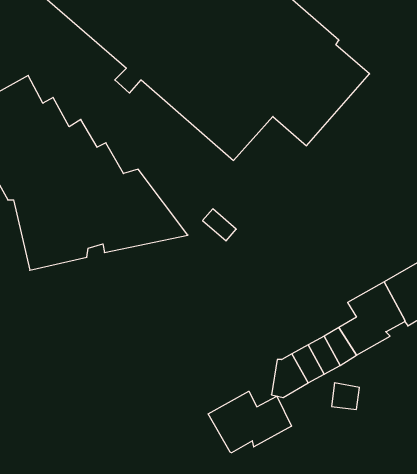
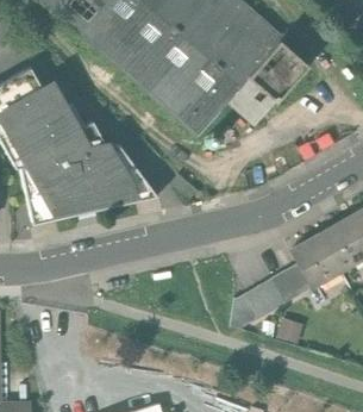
building: [208,391,291,453] -> none

